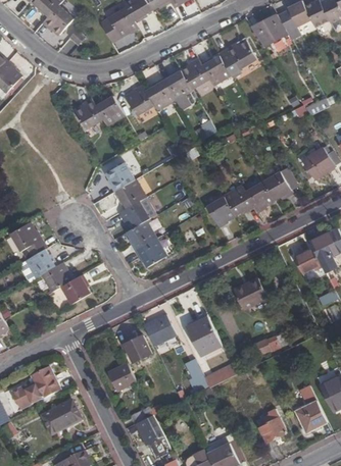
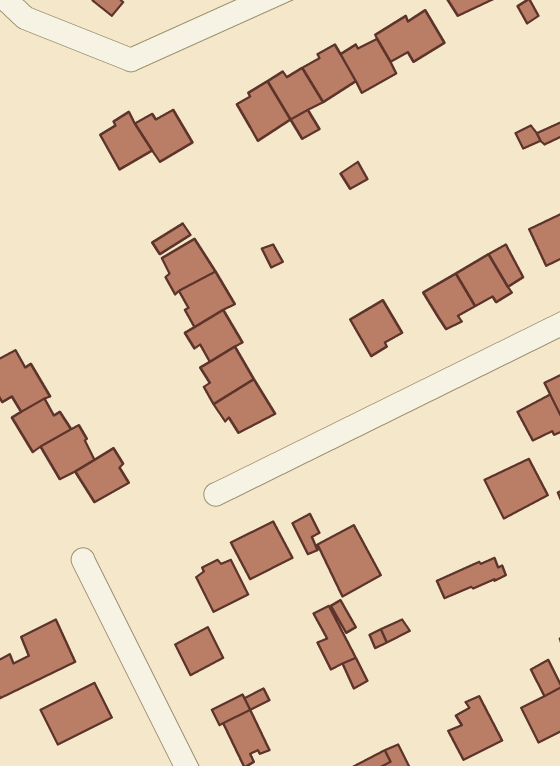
building: [125,86,153,116] -> none
building: [224,188,253,215] -> none
building: [234,278,267,310] -> [484,459,548,518]

